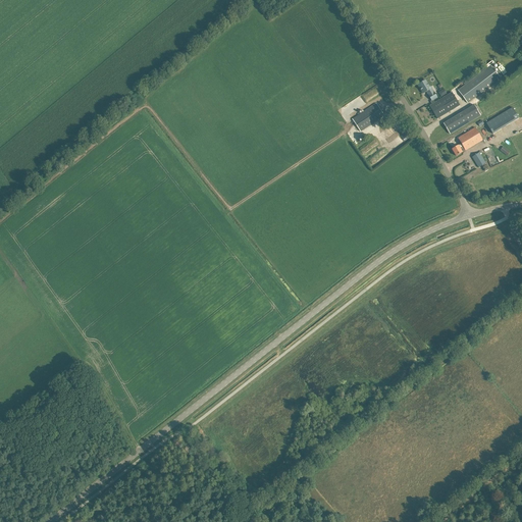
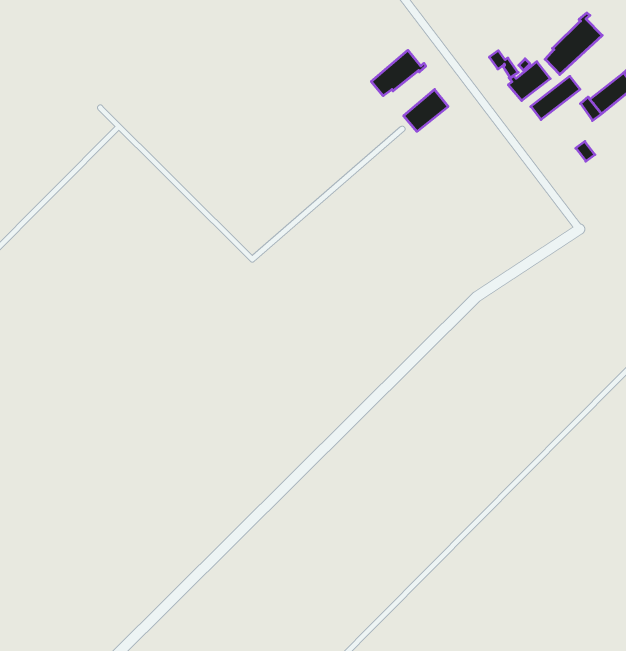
building: none -> [371,50,426,96]
building: [452,126,482,154] -> none

